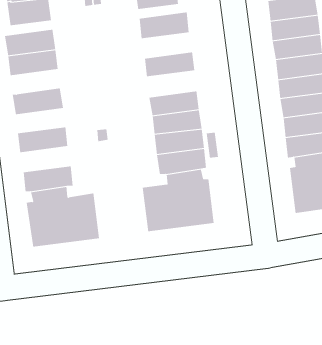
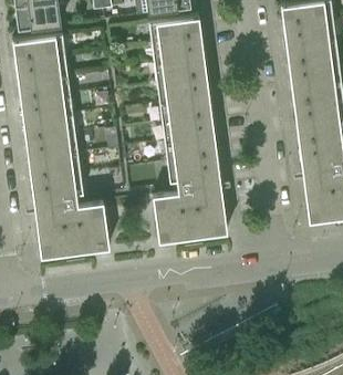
building: none -> [152,40,205,66]
building: none -> [18,77,70,103]
building: none -> [157,79,209,106]
building: none -> [23,117,75,143]
building: none -> [28,156,81,183]

